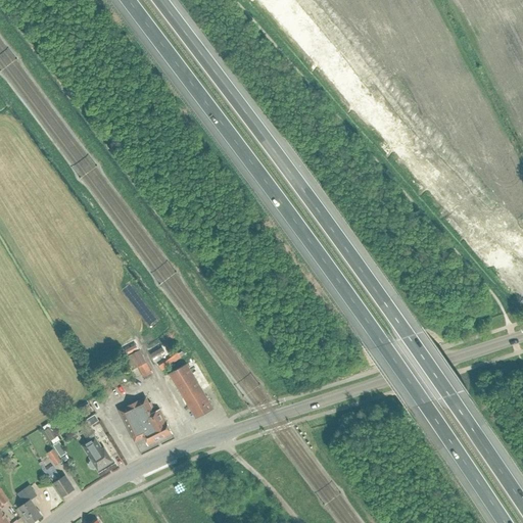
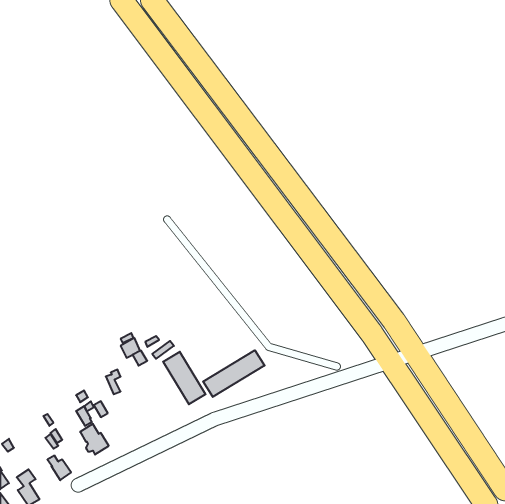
building: none -> [203,350,265,397]
building: [123,400,172,445] -> none

